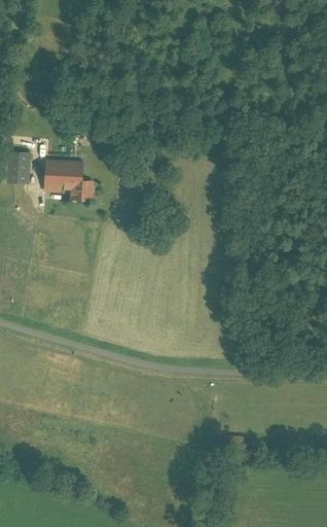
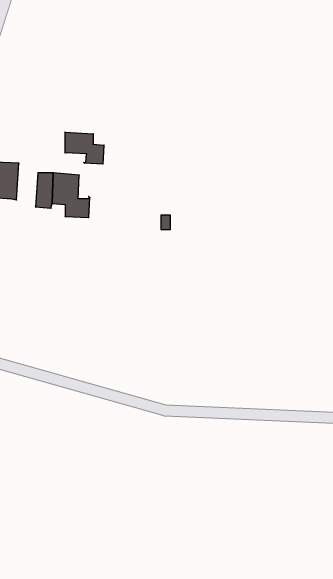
building: none -> [65,132,104,164]

